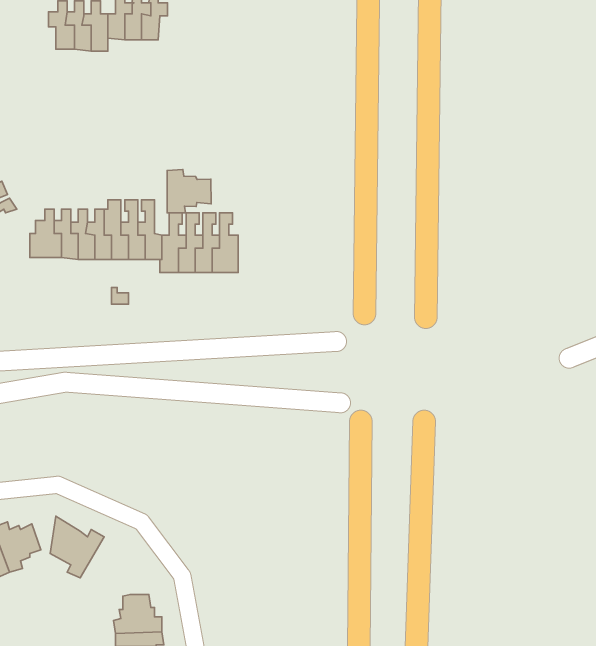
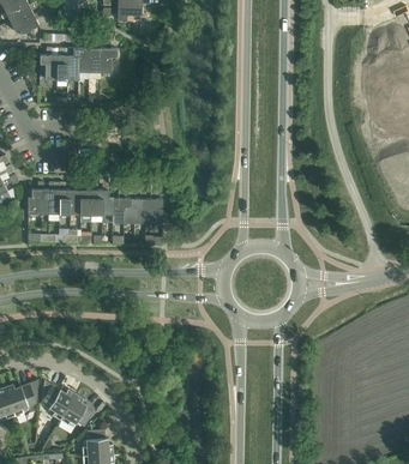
building: [167,169,211,213] -> none
building: none -> [60,392,92,426]

